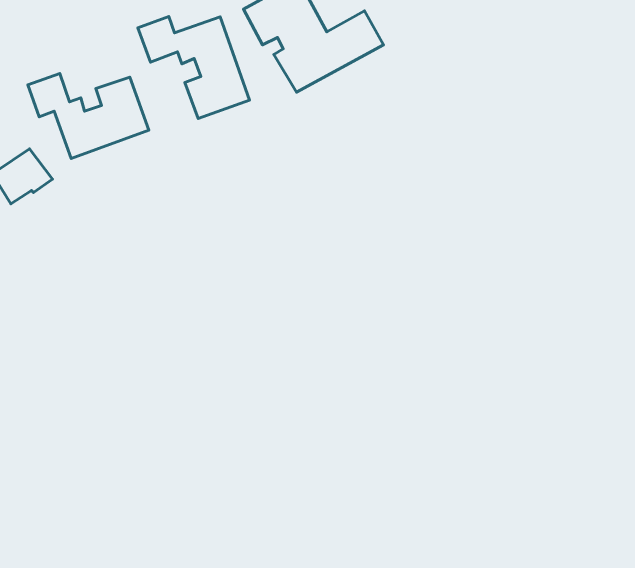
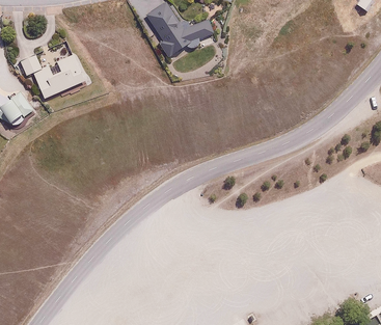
building: [138,17,250,119] -> none

